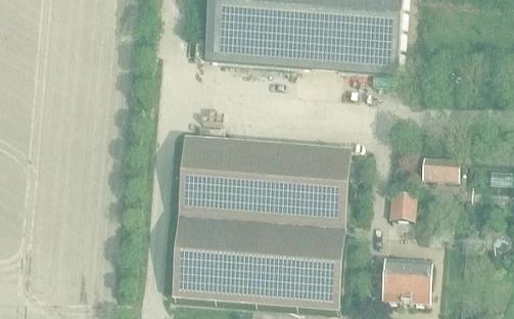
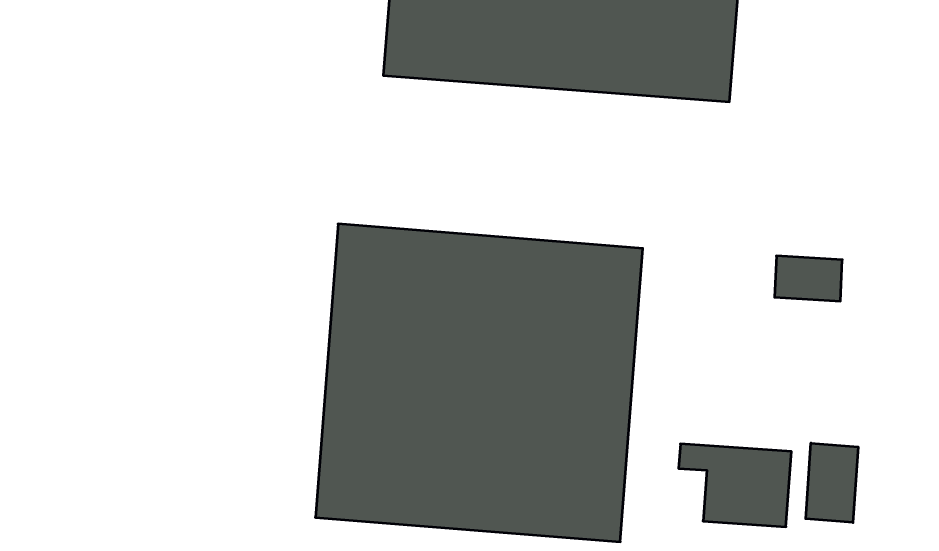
building: [387,189,416,218] -> none
building: none -> [806,443,858,523]

